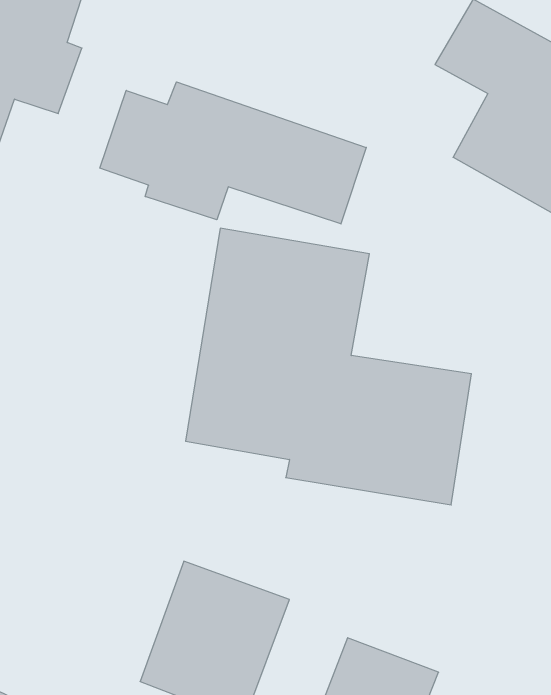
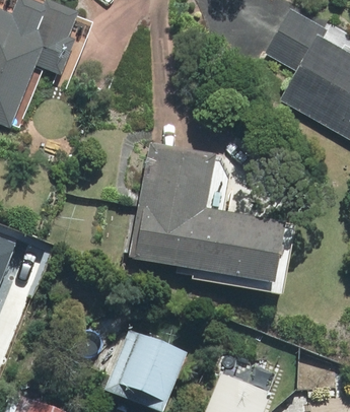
building: [100,82,366,224] -> none

